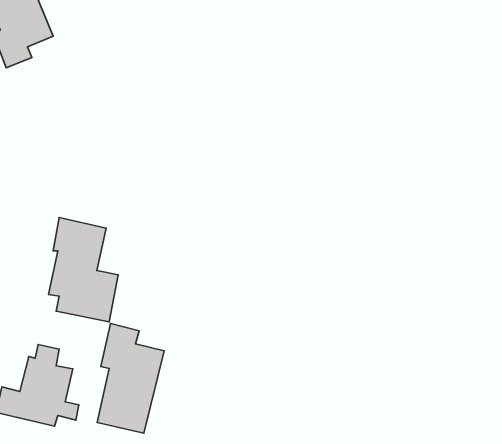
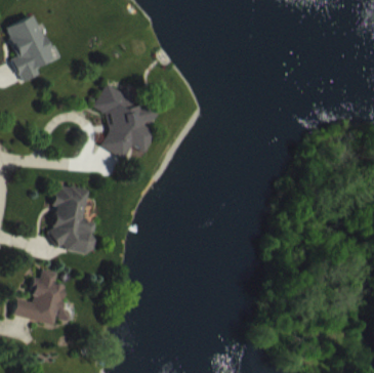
building: none -> [95,83,157,158]
building: [97,324,164,433] -> none

